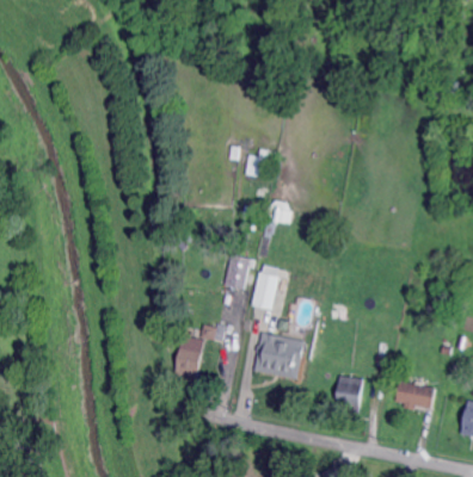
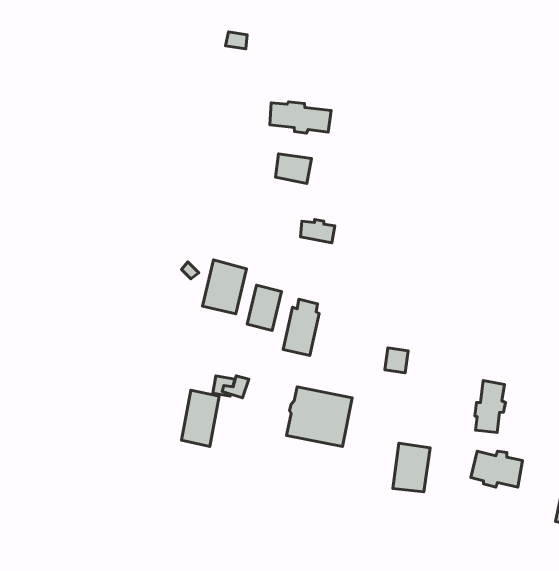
building: none -> [270,102,331,133]
building: none -> [202,260,247,314]
building: none -> [475,381,505,433]

